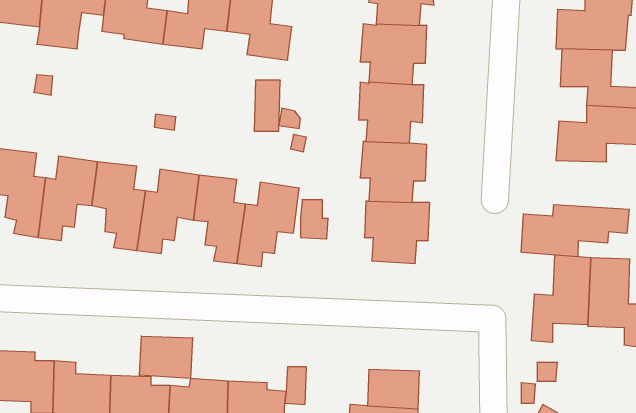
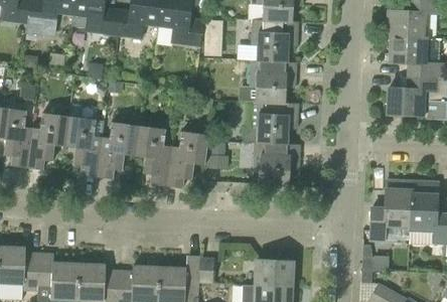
building: [254,80,280,131] -> [204,19,222,54]
building: [521,205,629,257] -> none
building: [139,336,193,378] -> none

